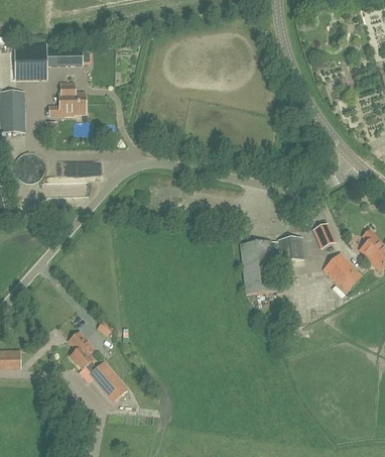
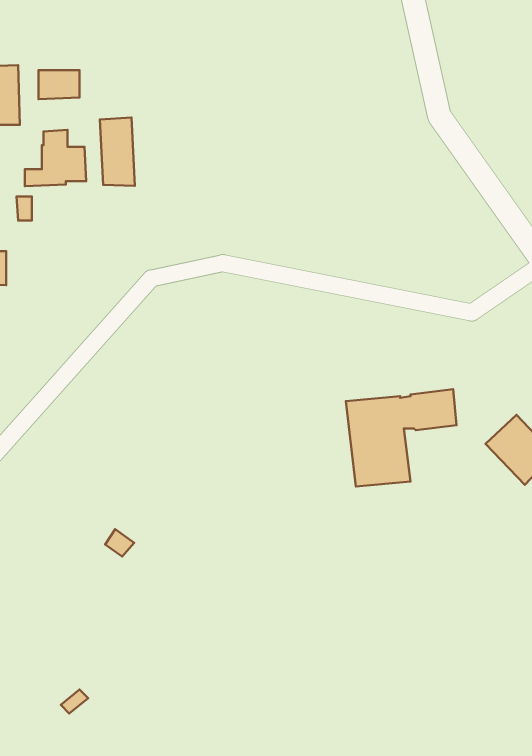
building: none -> [100,118,135,186]
building: [311,222,336,248] -> none
building: [69,332,123,395] -> none

